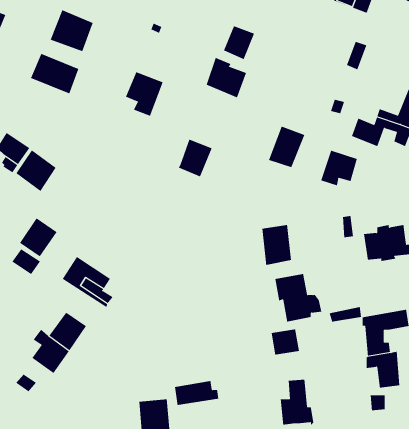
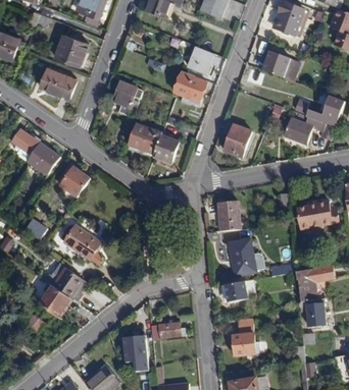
building: none -> [261,50,290,76]
building: none -> [129,122,161,154]
building: [320,150,358,186] -> none
building: [19,218,57,257] -> [60,165,90,196]

